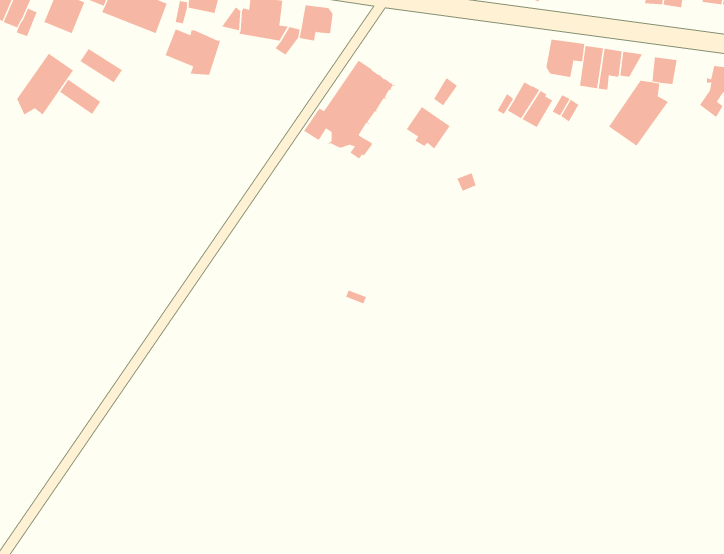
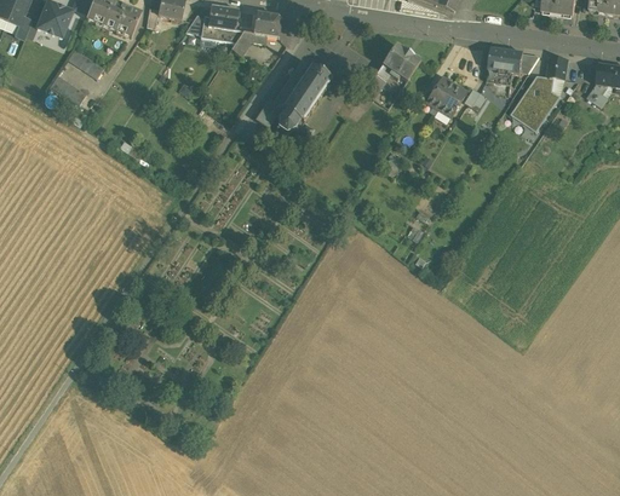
building: [165,28,221,75] -> none
building: [546,39,585,78] -> none
building: [16,53,74,116] -> none
building: [406,106,450,149] -> [383,44,420,80]

